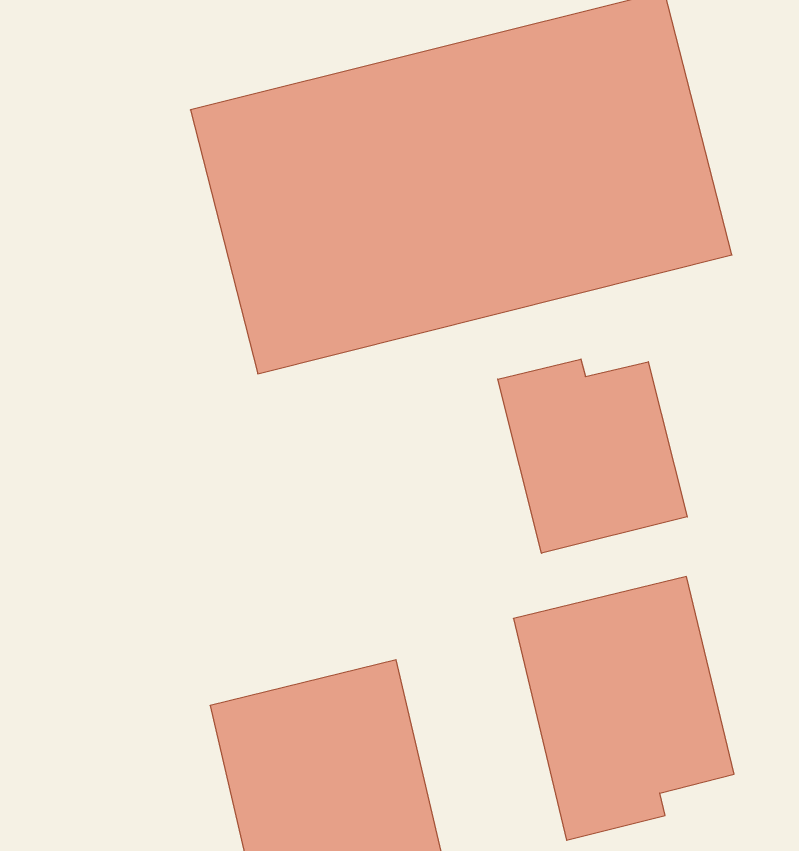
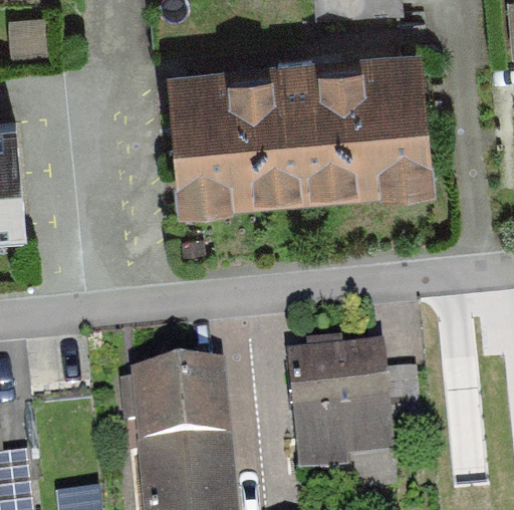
building: [498,359,687,553] -> none

